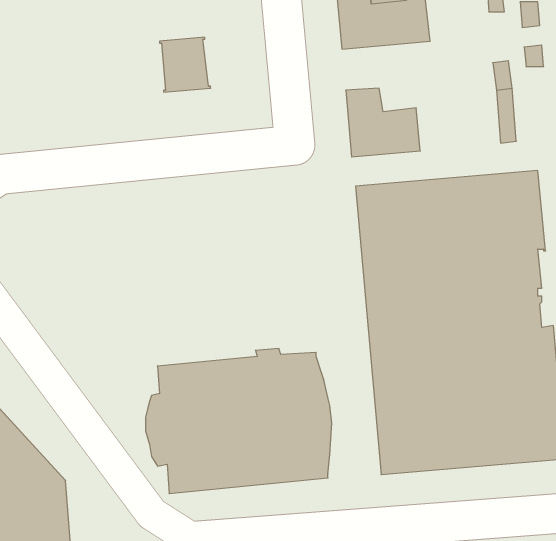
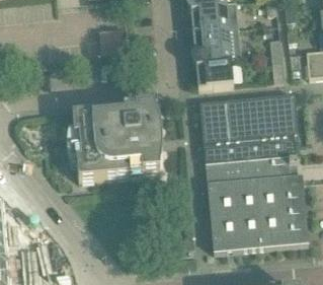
building: none -> [191,24,240,61]
building: [146,349,332,494] -> [65,102,161,177]

